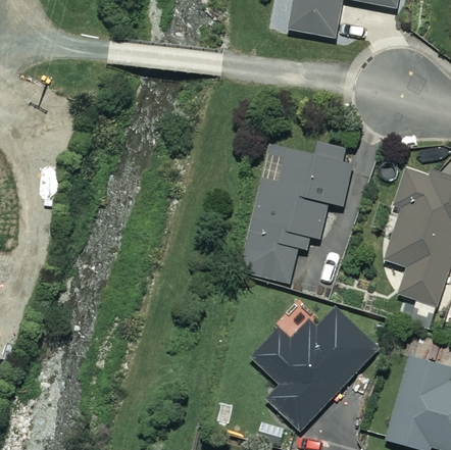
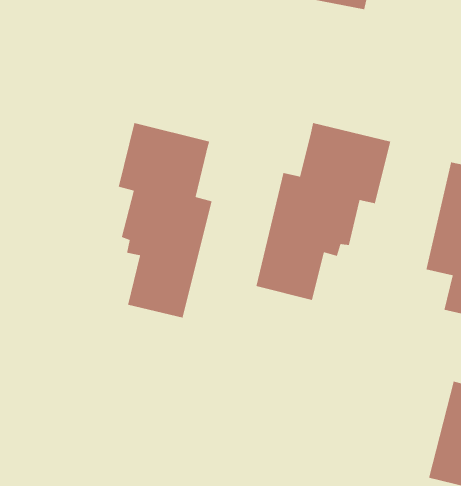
building: none -> [118,122,213,319]
building: [250,309,377,431] -> none

